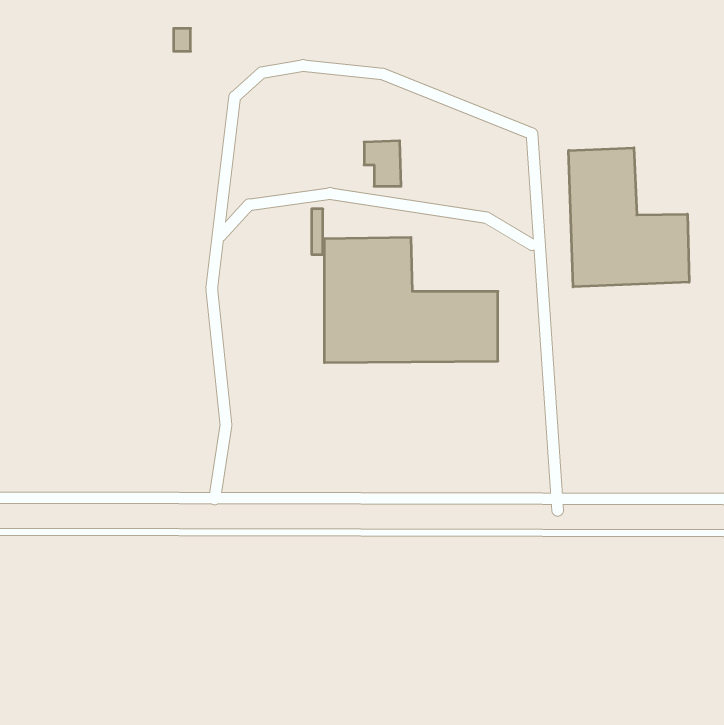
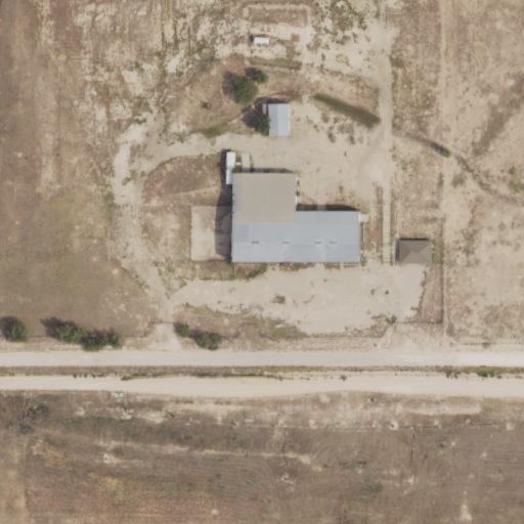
building: [569,148,689,287] -> none
building: none -> [397,239,429,263]

